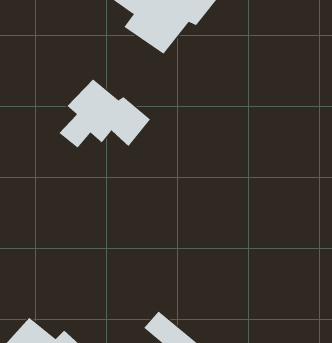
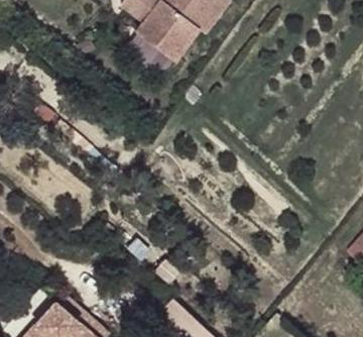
building: [59,79,151,149] -> none

